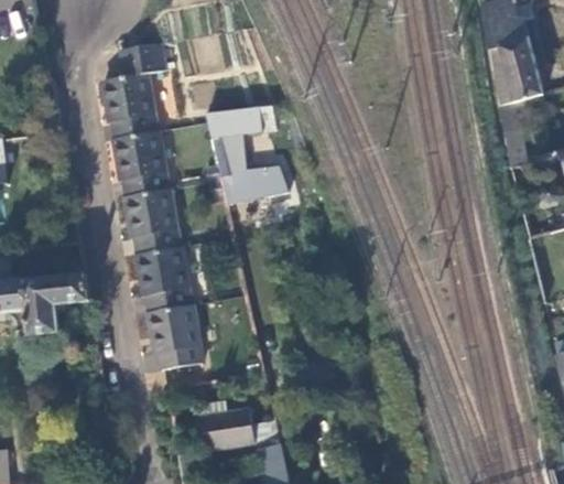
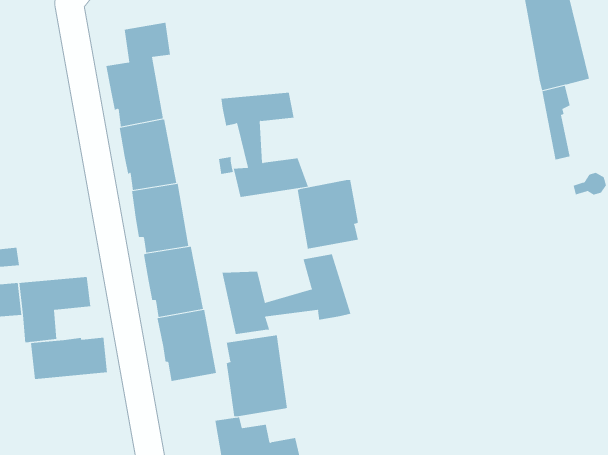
building: none -> [297,179,359,250]
building: none -> [222,254,351,335]
building: none -> [226,335,287,417]
building: none -> [30,337,108,380]

